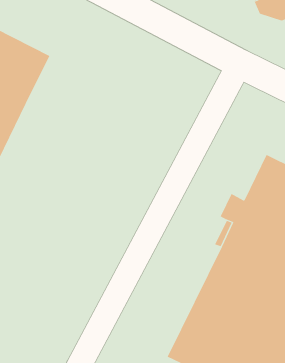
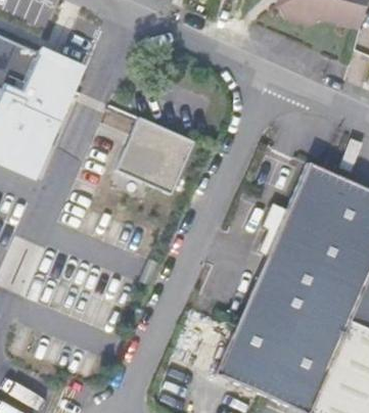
building: none -> [119,114,197,192]

